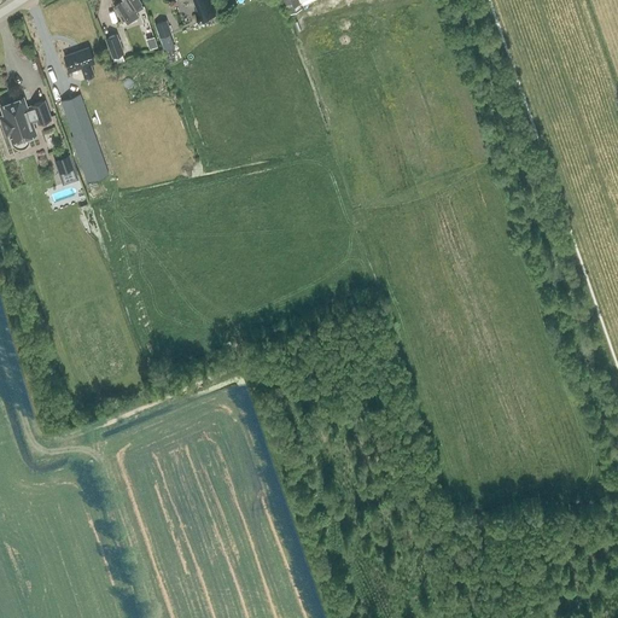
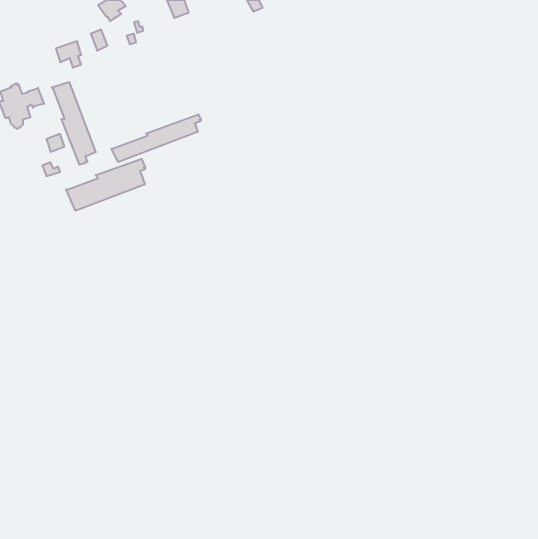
building: none -> [111,114,201,162]
building: none -> [66,159,145,211]

